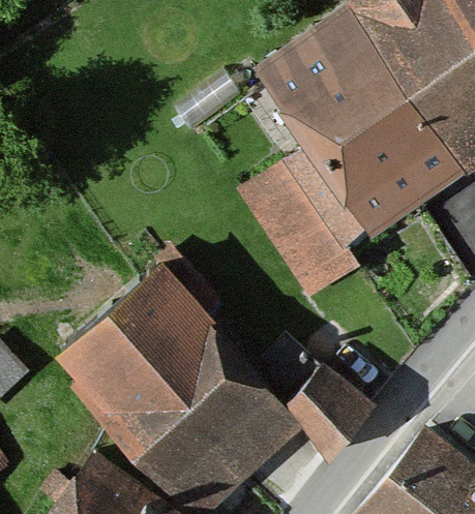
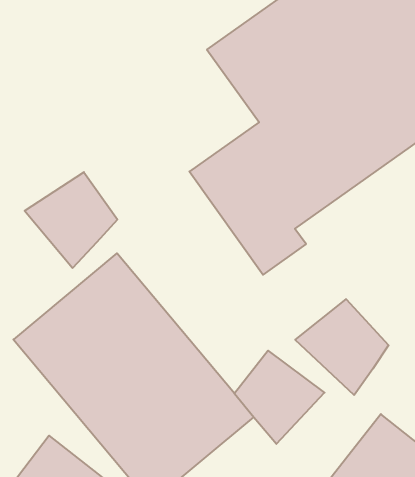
building: none -> [25,172,117,268]
building: none -> [295,299,389,395]

